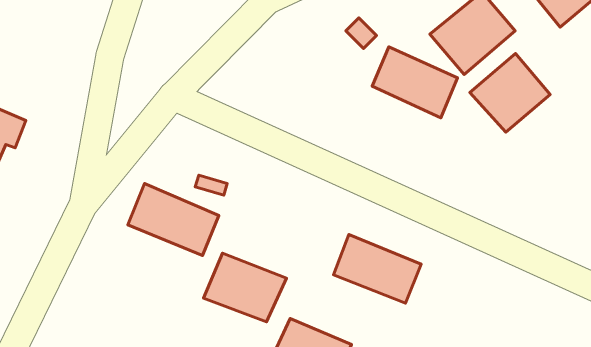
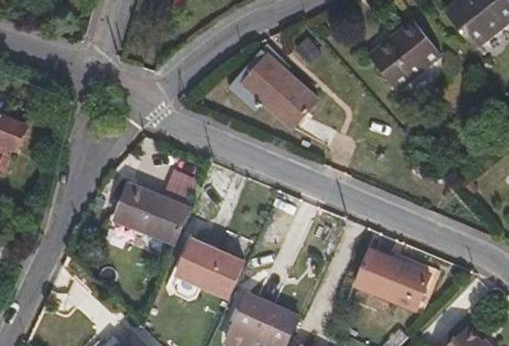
building: [372,47,458,118] -> [232,66,304,126]
building: [470,53,550,132] -> none
building: [333,235,421,303] -> [354,249,428,307]

